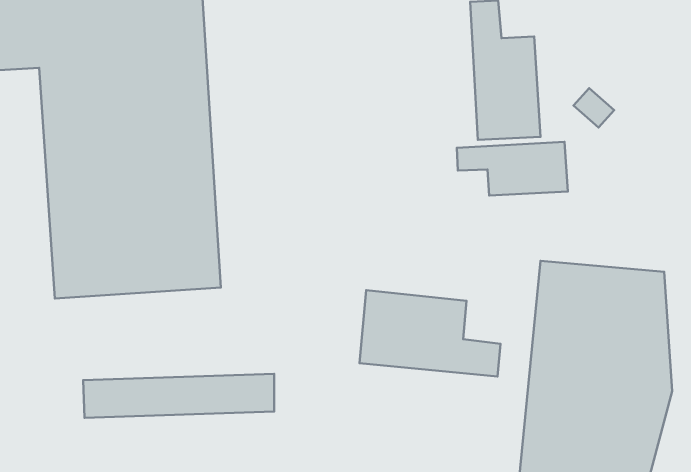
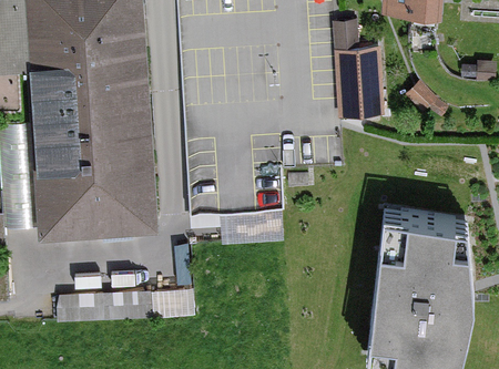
building: [457,142,568,196] -> none
building: [360,290,501,377] -> none

